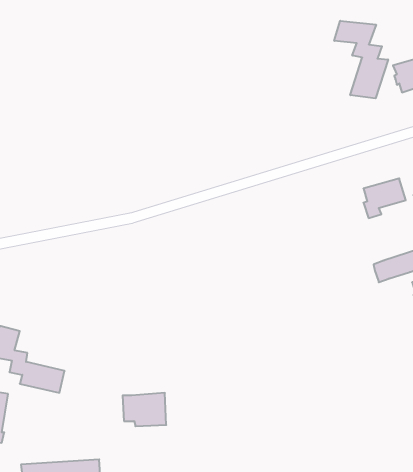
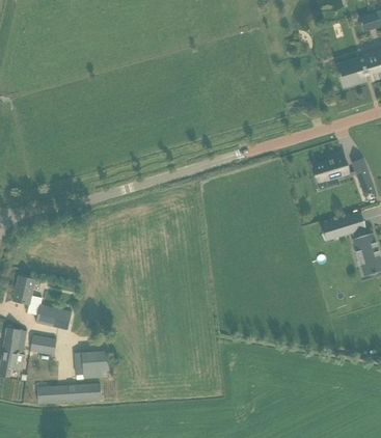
building: [334,21,388,98] -> none
building: [123,393,166,426] -> [74,351,109,378]
building: none -> [30,335,56,355]

